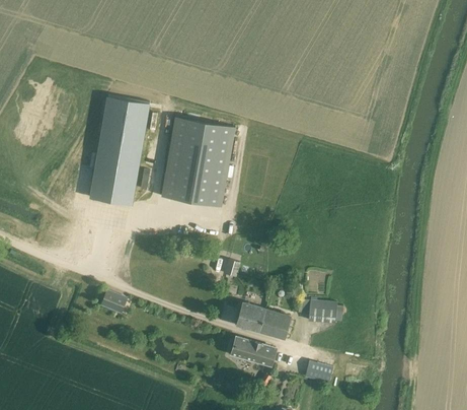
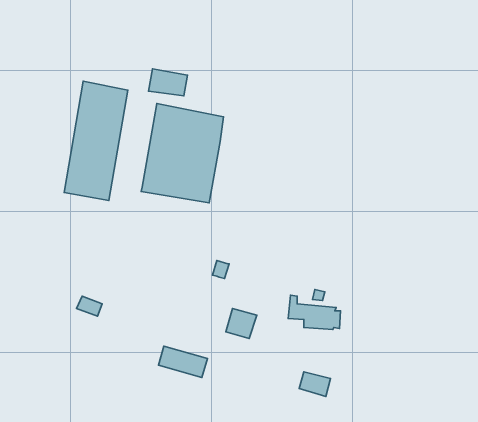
building: none -> [149,69,187,96]
building: [258,310,289,338] -> none
building: [231,337,276,365] -> [158,346,207,377]

